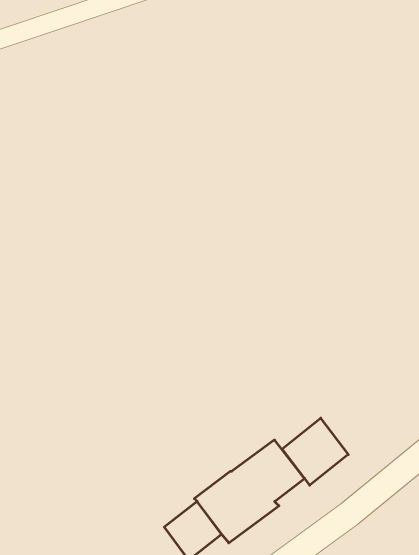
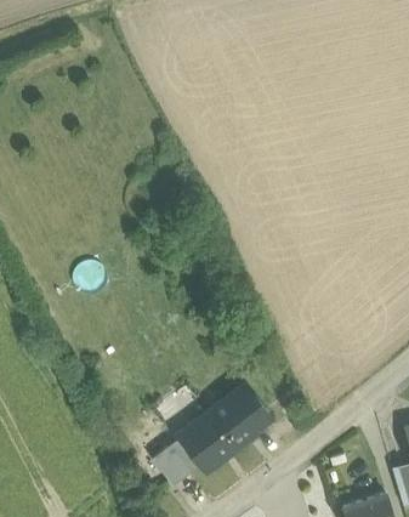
building: [282,418,348,485] -> none

